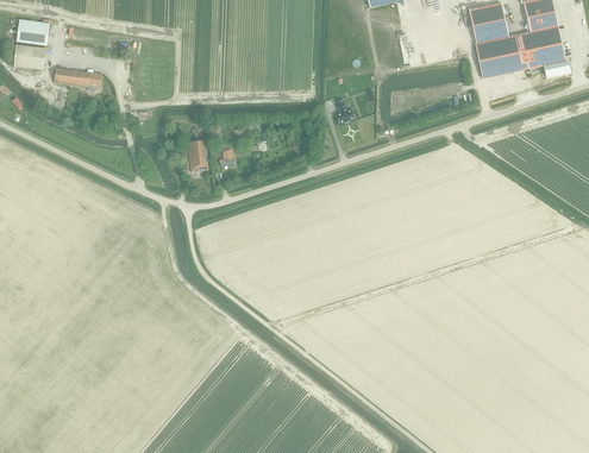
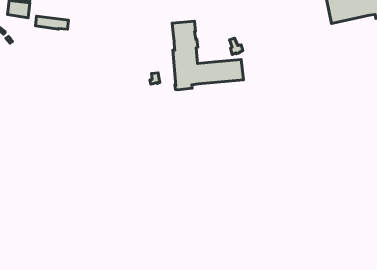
building: none -> [172,21,243,90]
building: [187,140,207,171] -> none

